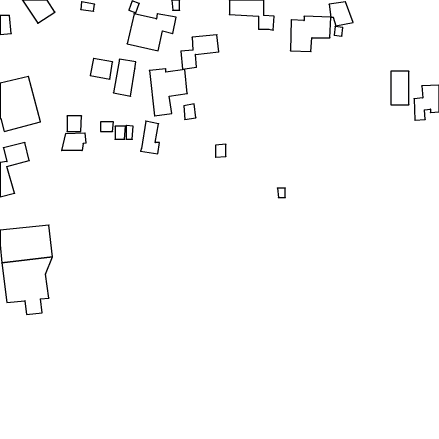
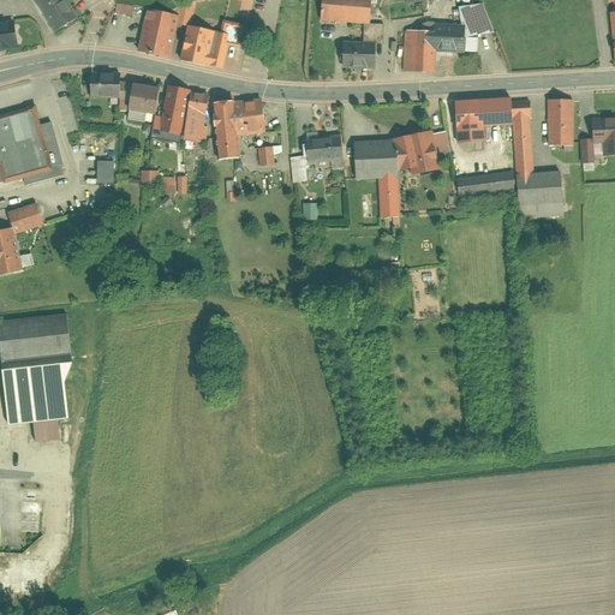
building: none -> [136,8,177,59]
building: none -> [341,40,376,68]
building: [181,35,219,69] -> [289,135,342,183]
building: none -> [88,76,119,97]
building: none -> [454,100,563,220]
building: none -> [353,129,450,219]
building: [141,121,159,154] -> [181,96,208,142]
building: [62,133,86,151] -> none

